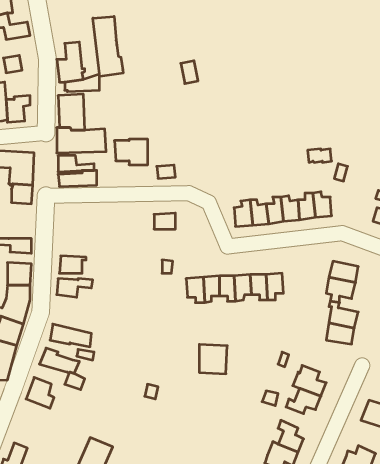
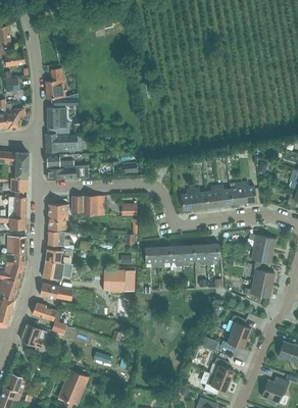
building: [93,16,123,77] -> none
building: [114,139,148,165] -> [71,196,97,215]
building: none -> [8,197,27,218]
building: none -> [48,205,66,230]
building: none -> [43,261,71,279]
building: [199,344,227,374] -> [103,269,125,292]

